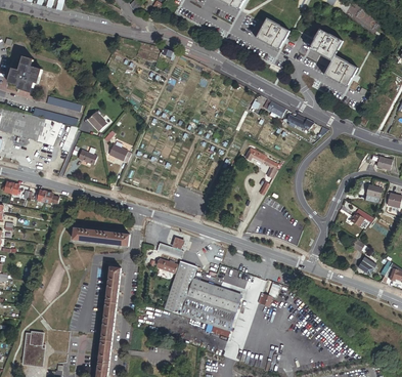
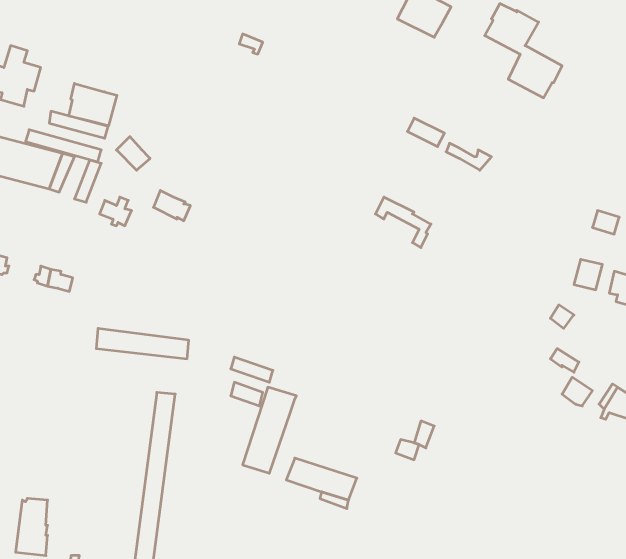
building: none -> [69,83,117,126]
building: [179,279,239,319] -> none

